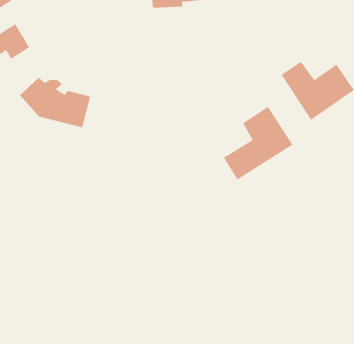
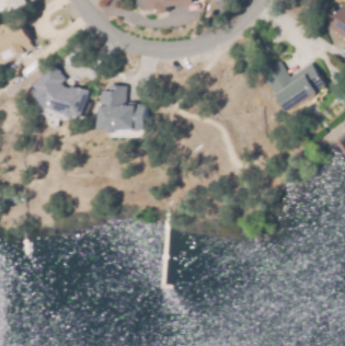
building: none -> [96,84,146,131]
building: [223,106,294,181] -> none

